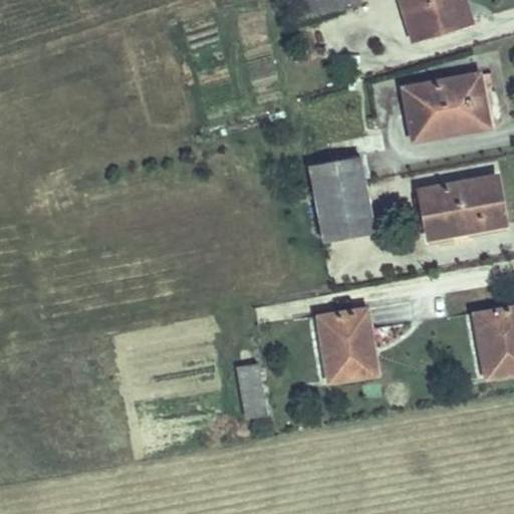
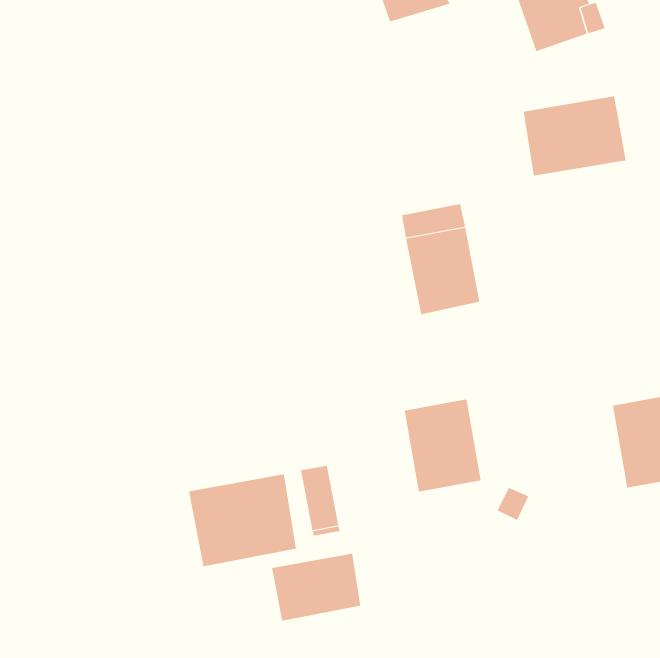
building: [424,177,506,237] -> none
building: none -> [189,474,297,567]
building: none -> [271,553,361,622]

